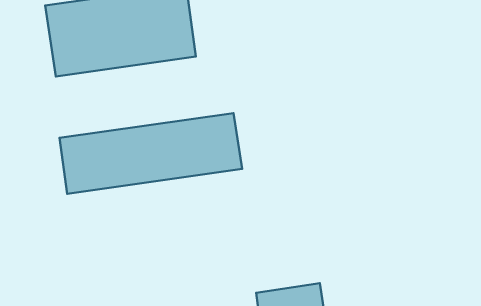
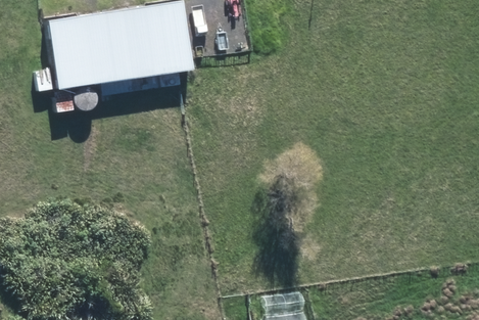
building: [60,113,242,194] -> none

